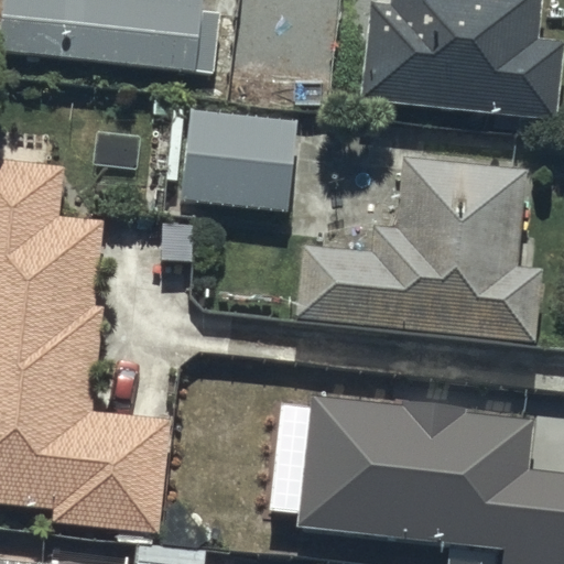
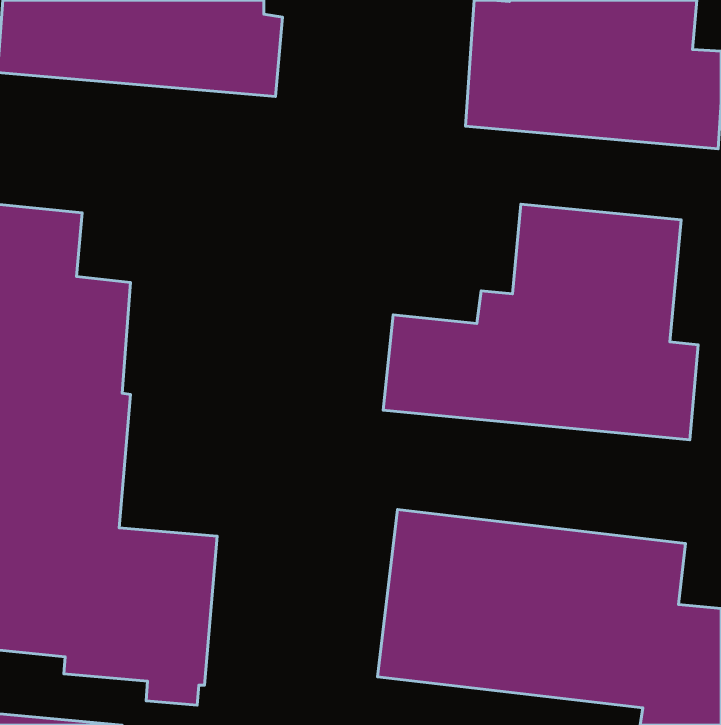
building: [180,106,297,212] -> none

